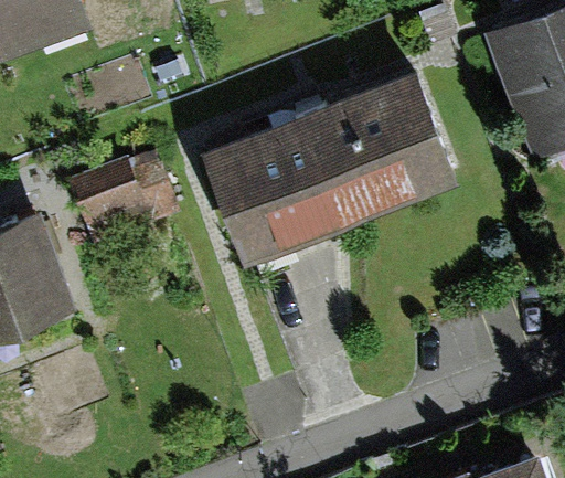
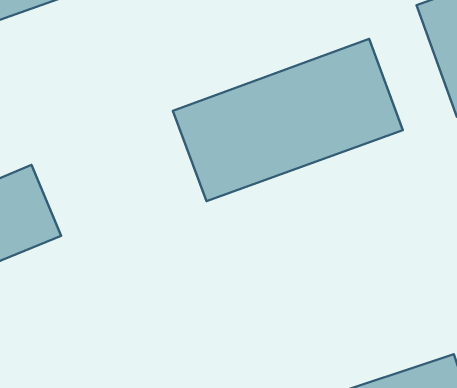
building: [77,157,185,236] -> none

